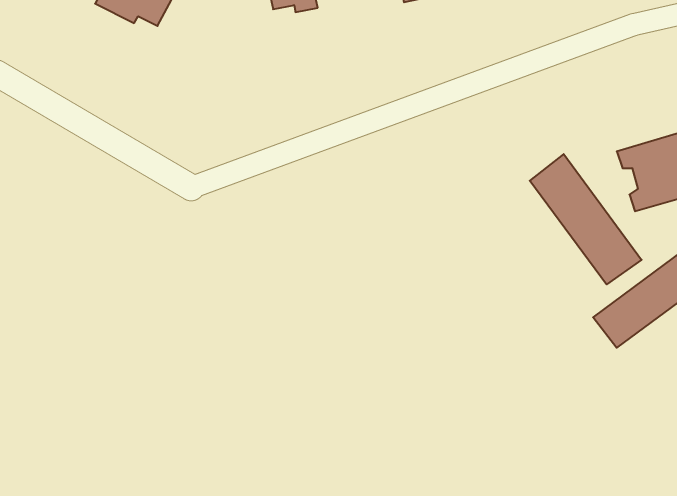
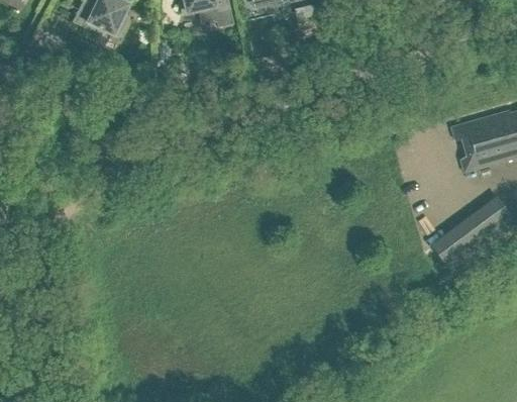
building: [530,154,642,284] -> none

